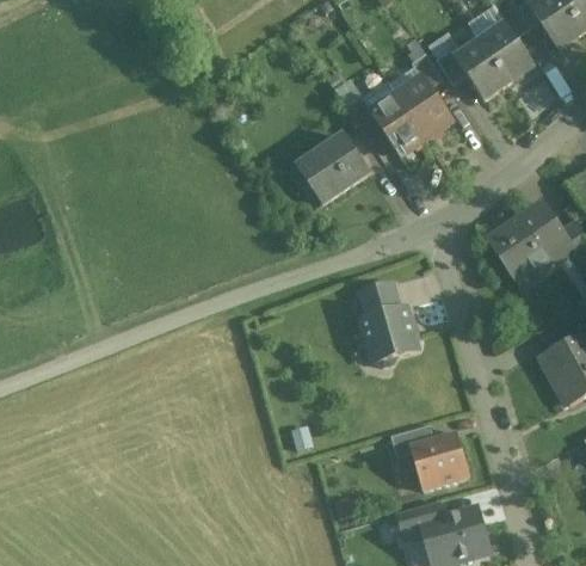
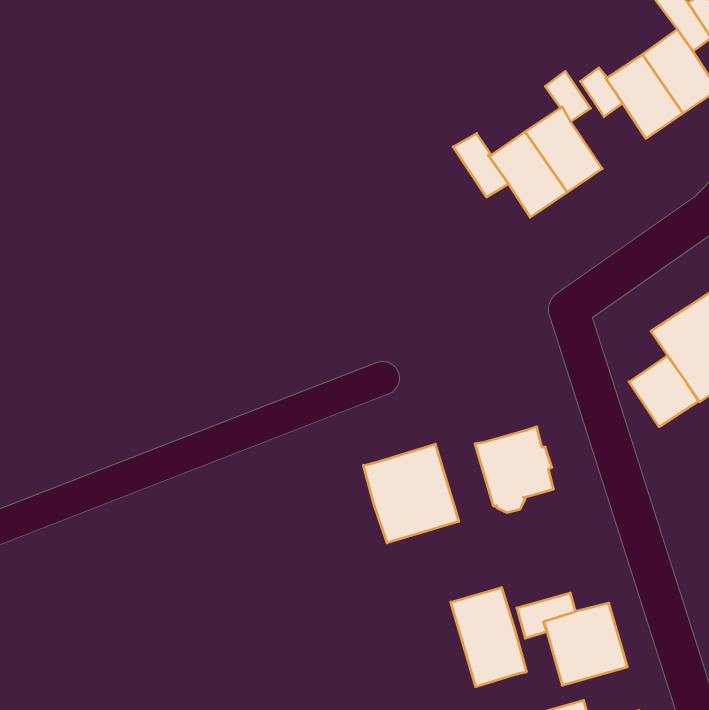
building: [296,136,369,205] -> none
building: none -> [629,356,698,427]
building: [360,282,397,316] -> none
building: none -> [363,444,459,543]
building: none -> [451,587,526,687]

